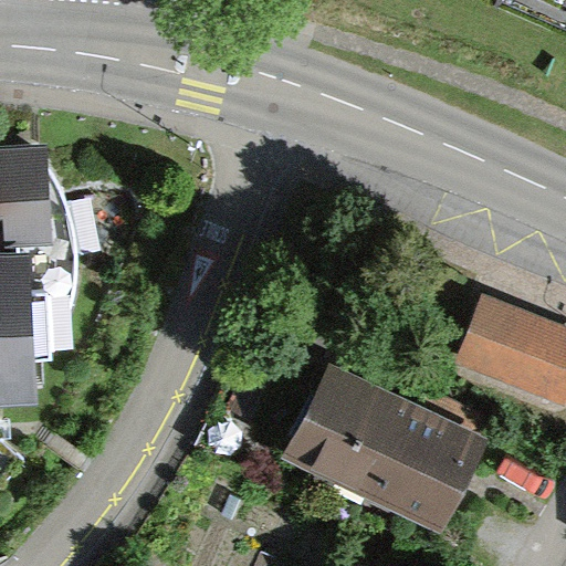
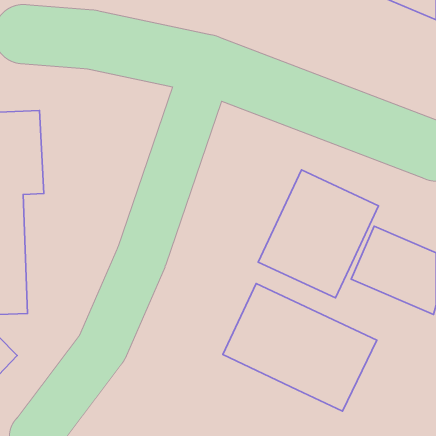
building: none -> [258,170,379,298]

